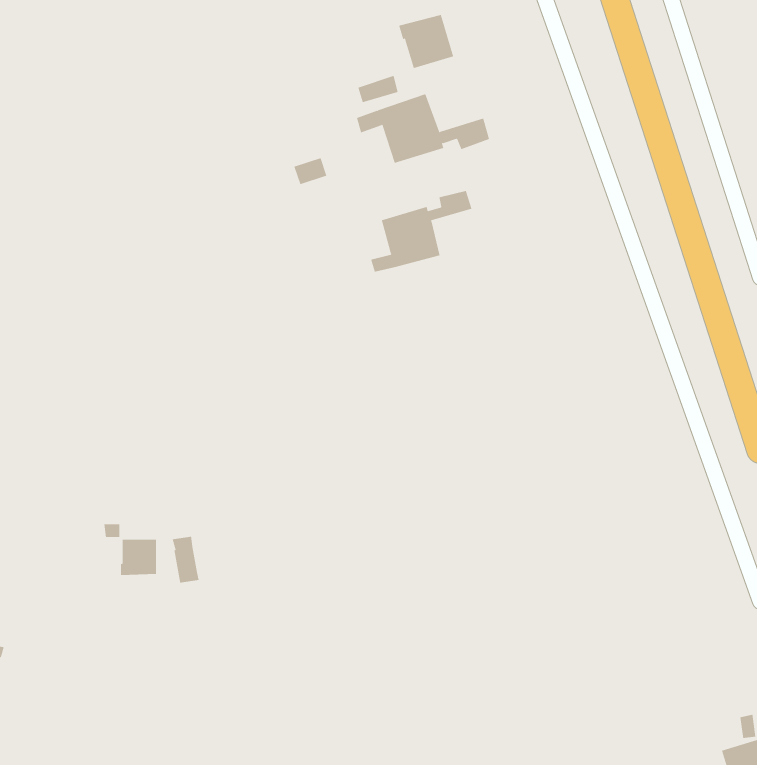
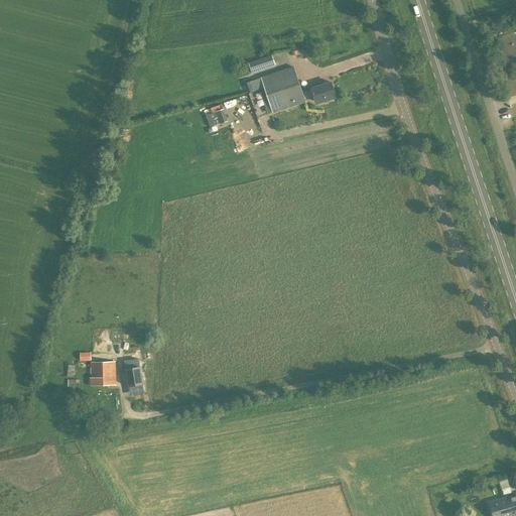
building: [398,14,454,69] -> none
building: [371,190,472,273] -> none

